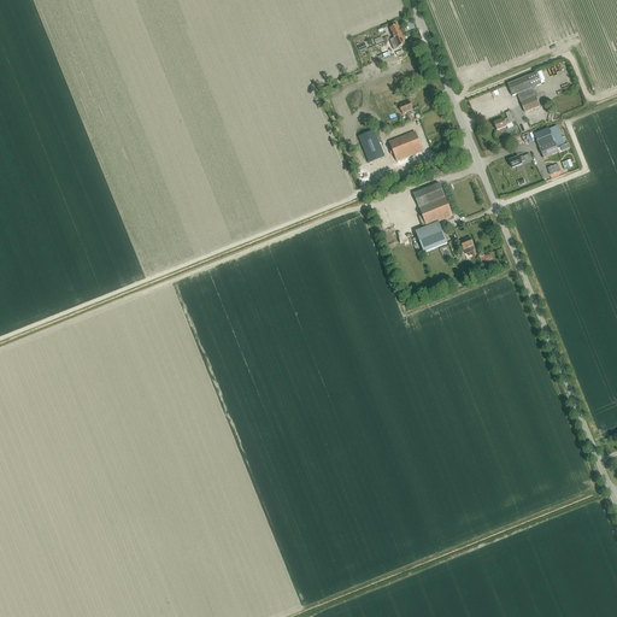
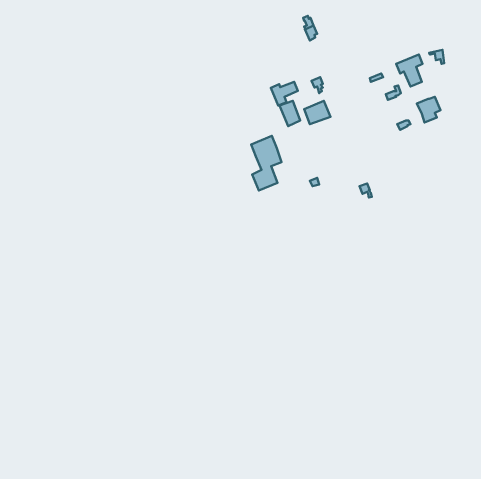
building: none -> [271,82,298,106]
building: [413,181,452,251] -> [251,136,281,191]

